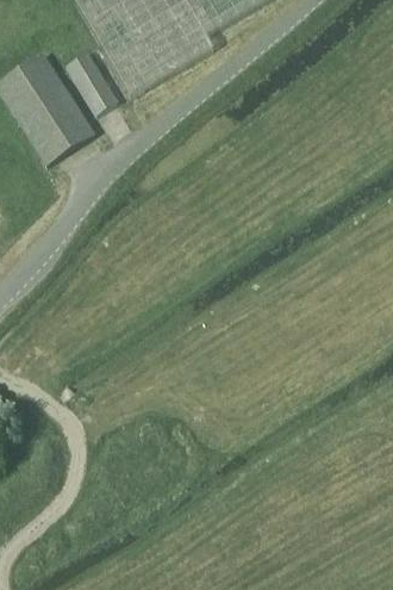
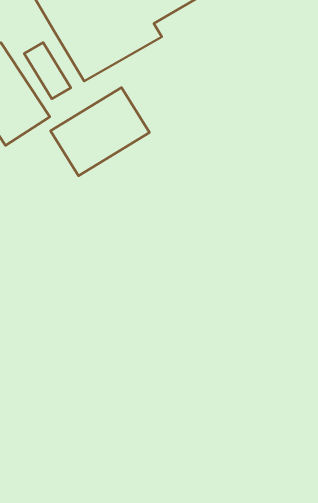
building: none -> [51,87,149,176]

